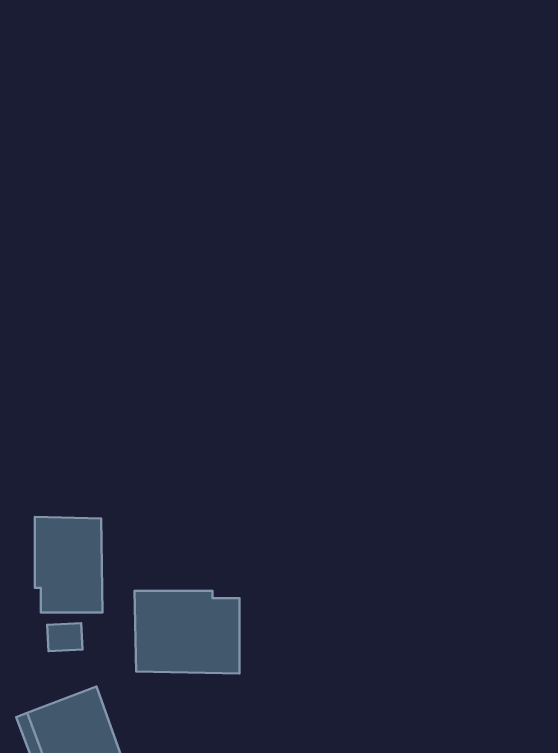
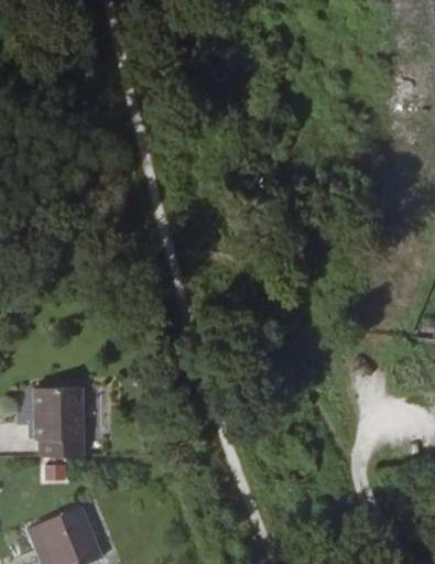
building: [135,591,240,673] -> none

